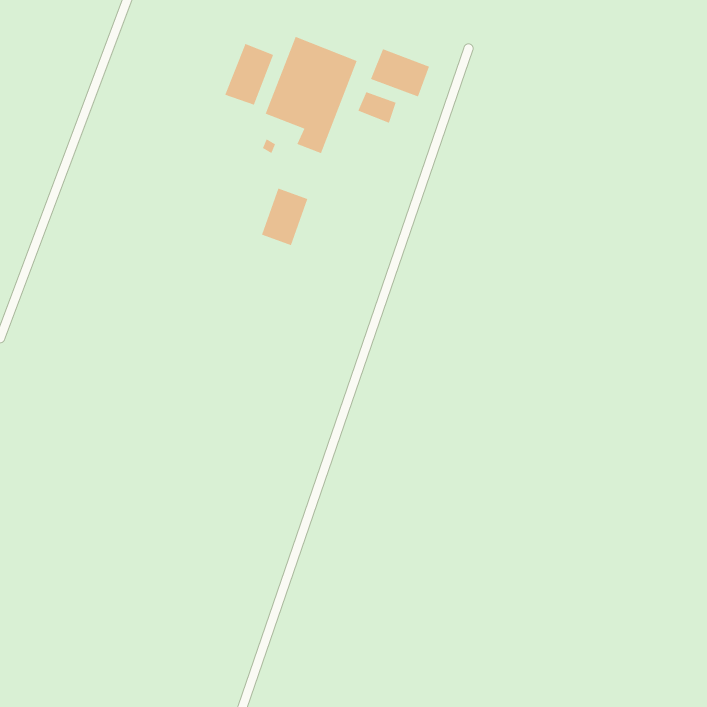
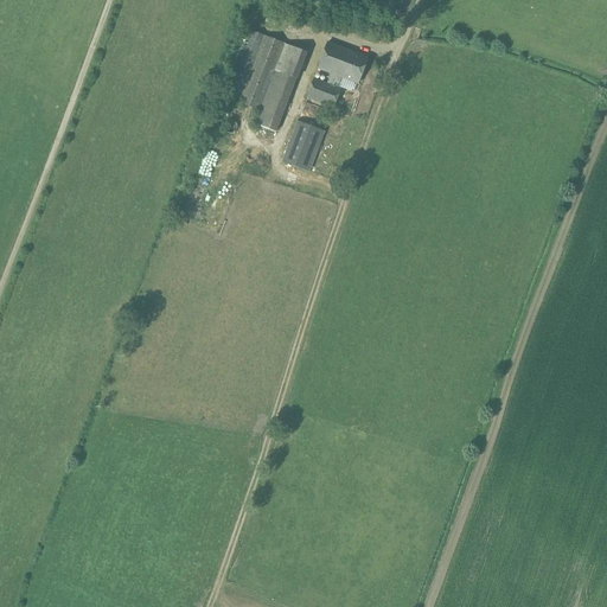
building: [225,43,274,106] -> none
building: [261,188,308,246] -> [283,120,324,170]

